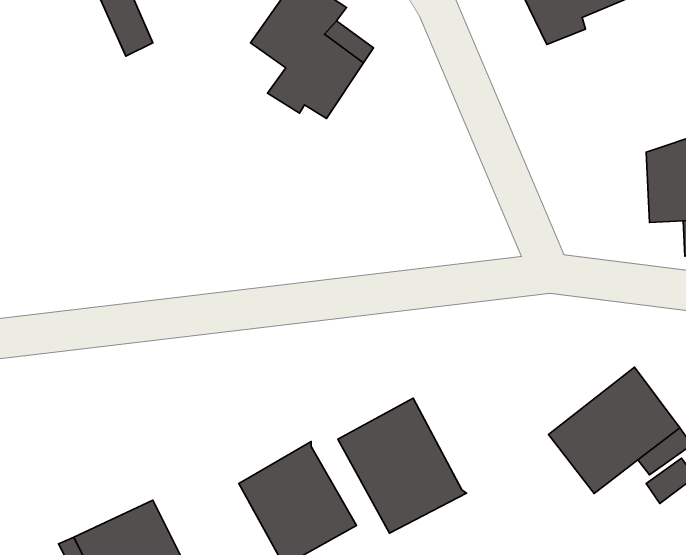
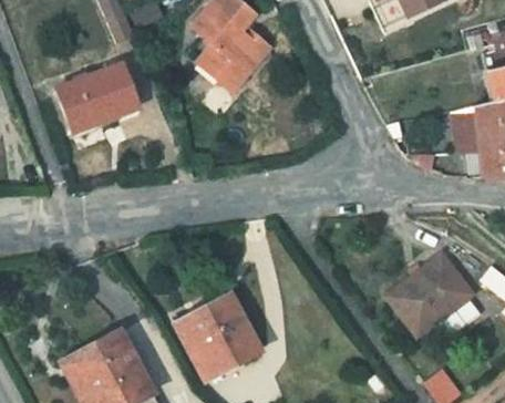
building: none -> [59,65,140,134]
building: [338,398,467,533] -> none

